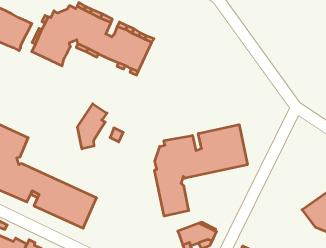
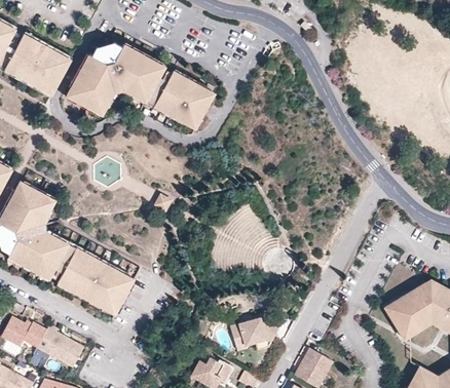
building: [78,104,107,149] -> none
building: [155,125,247,216] -> none

